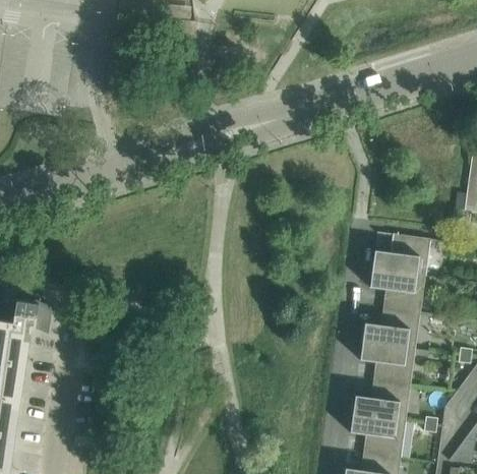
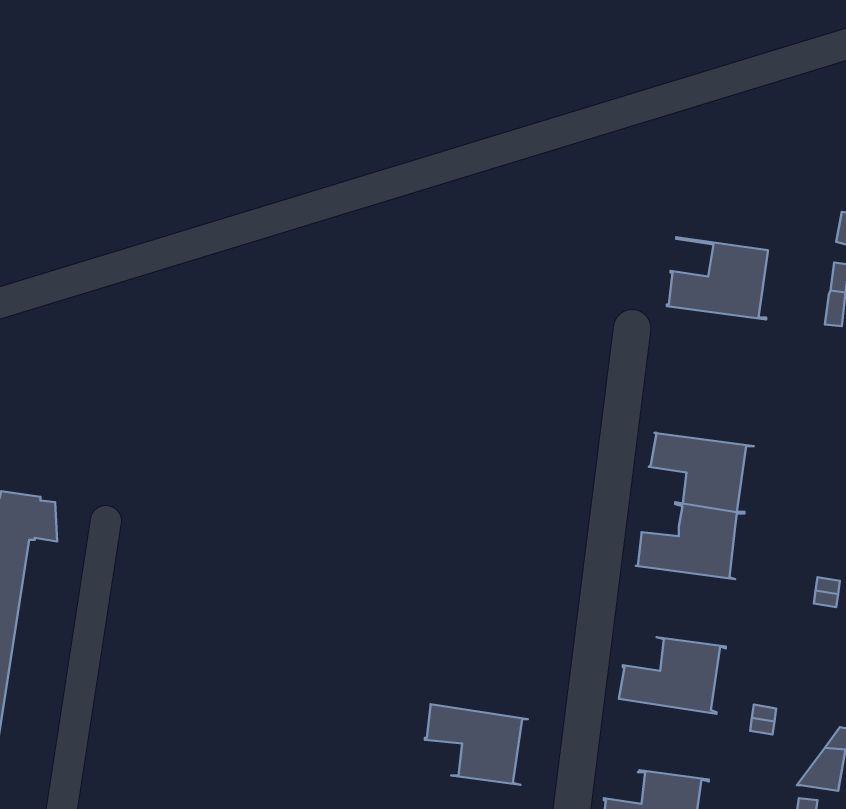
building: [370,232,425,277] -> [667,237,768,319]
building: [358,342,427,386] -> none
building: [348,414,404,458] -> [425,704,528,785]

